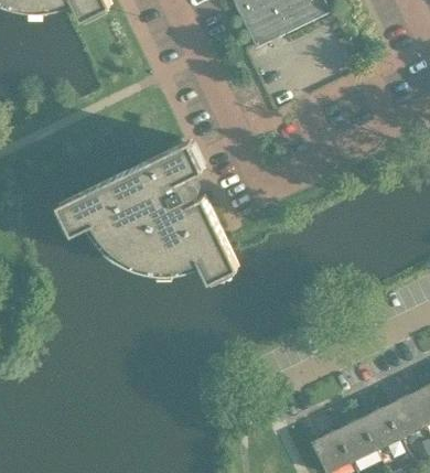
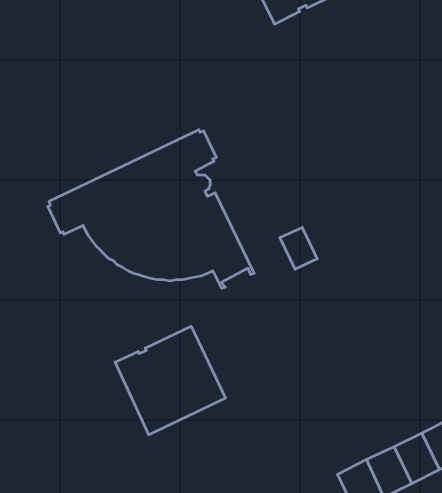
building: none -> [280,227,317,269]
building: none -> [115,326,225,435]

